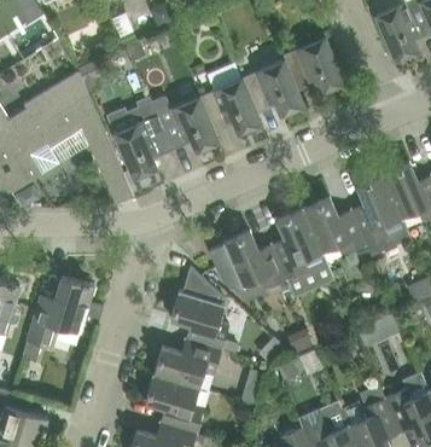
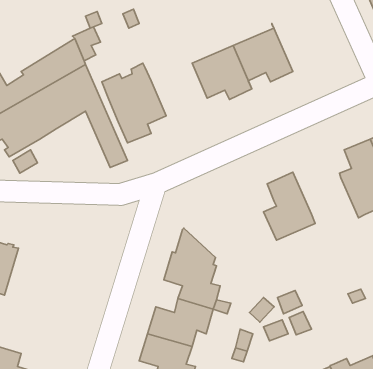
building: [281,36,344,104] -> none
building: [151,95,219,151] -> none
building: [303,197,366,254] -> none
building: [209,231,286,289] -> none
building: [23,275,103,358] -> none

